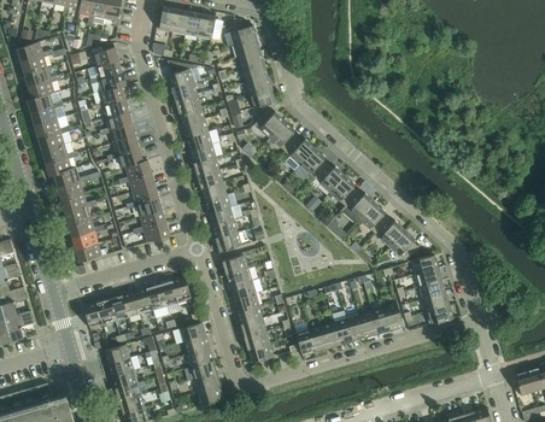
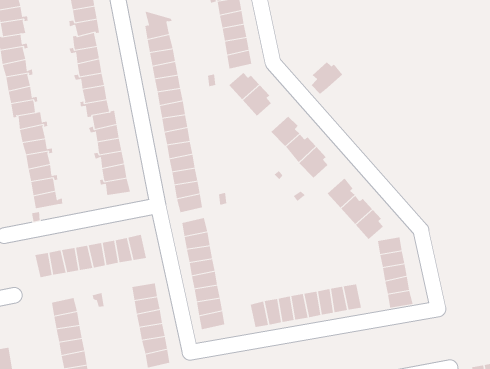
building: [285,137,315,170] -> [311,62,343,95]
building: [340,192,375,224] -> none

